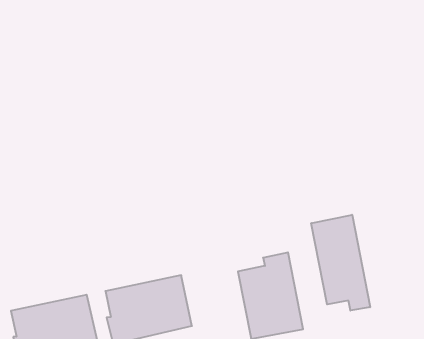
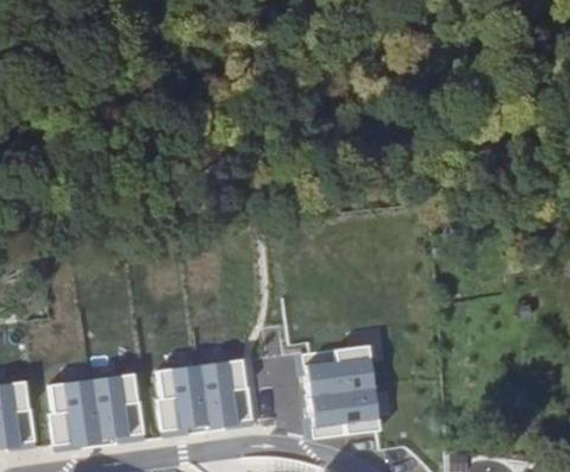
building: [311,215,370,311] -> none

